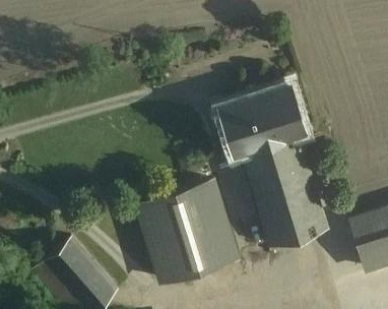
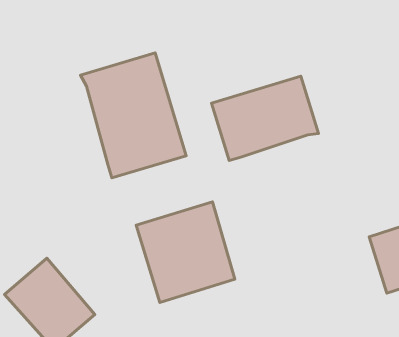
building: none -> [81,53,186,178]
building: [240,132,328,248] -> none

